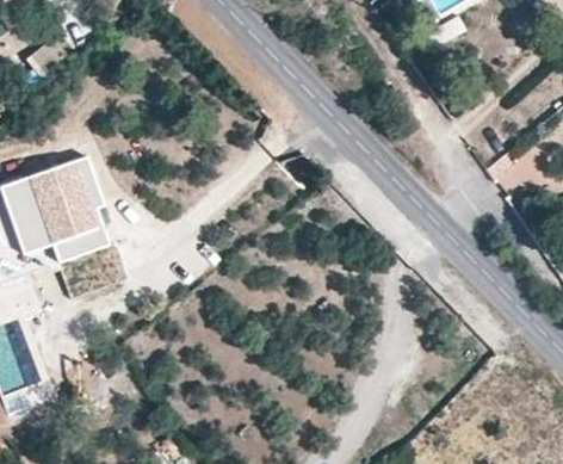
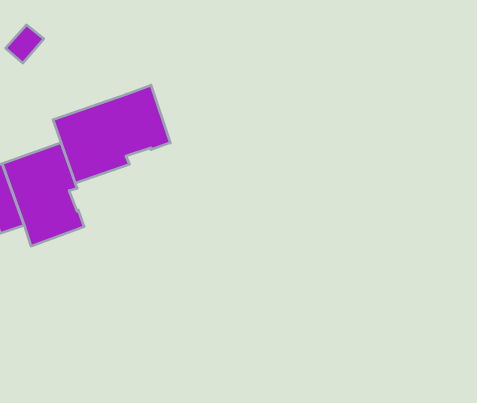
building: none -> [53,85,170,183]

